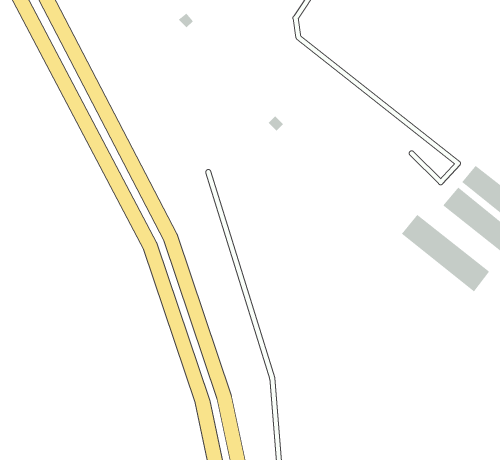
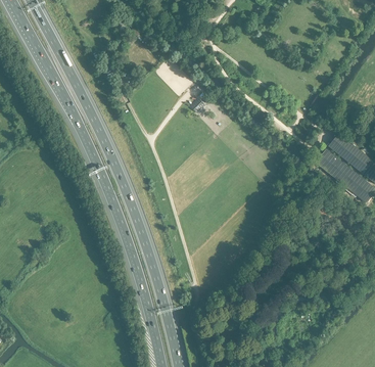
building: [401,214,490,293] -> none

